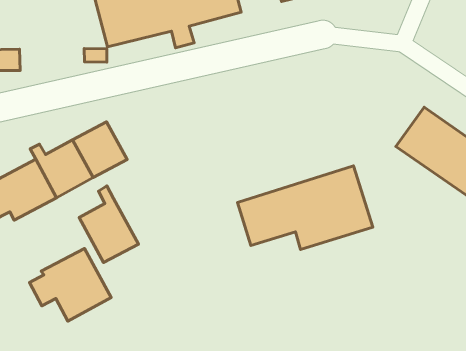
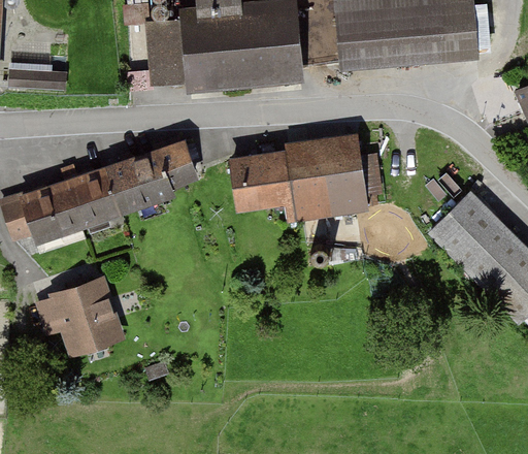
building: none -> [145,142,196,197]
building: [237,166,373,249] -> [233,142,365,218]
building: [79,186,139,263] -> none

